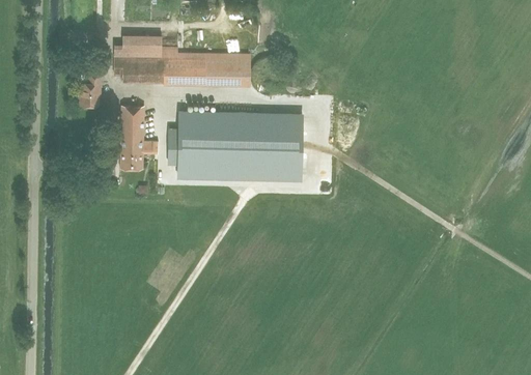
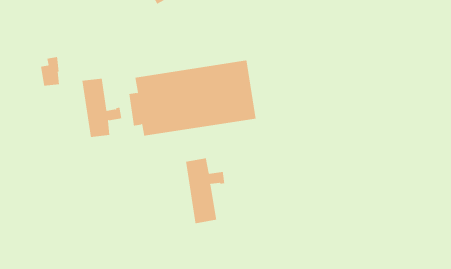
building: [114,34,250,85] -> none
building: none -> [186,157,225,224]

